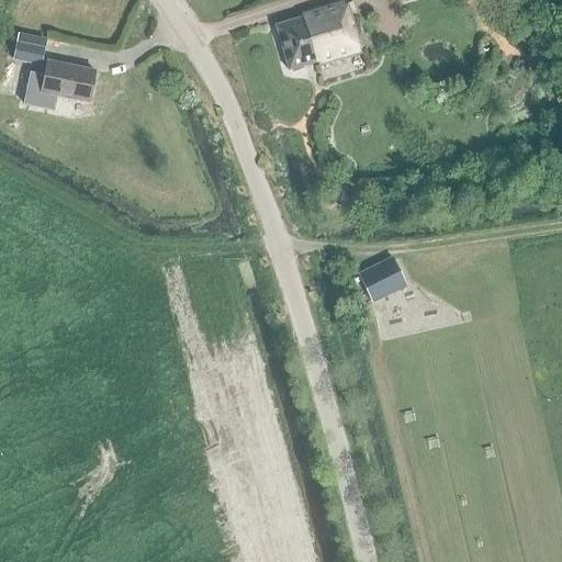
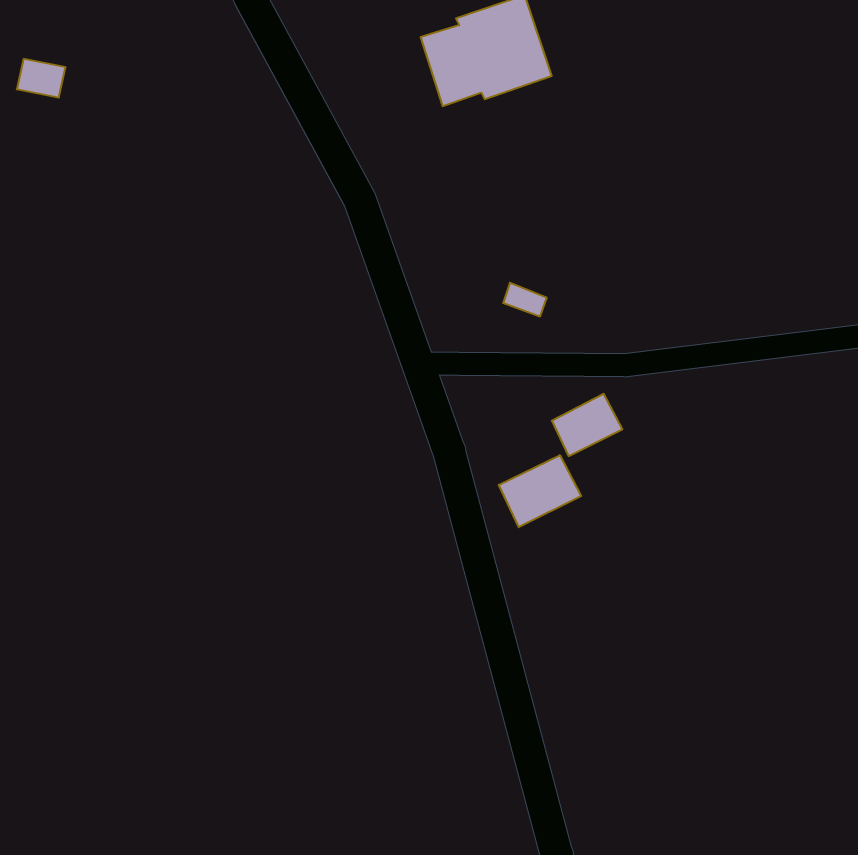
building: [25,57,94,104] -> none
building: none -> [499,455,581,527]

